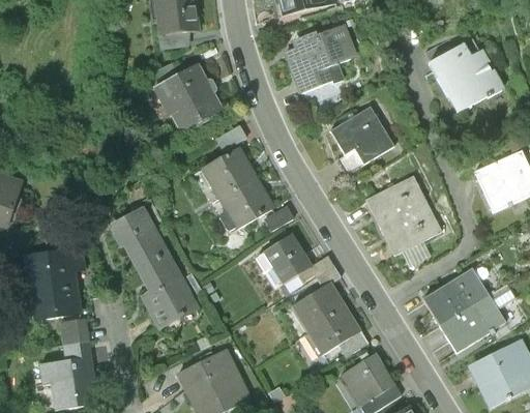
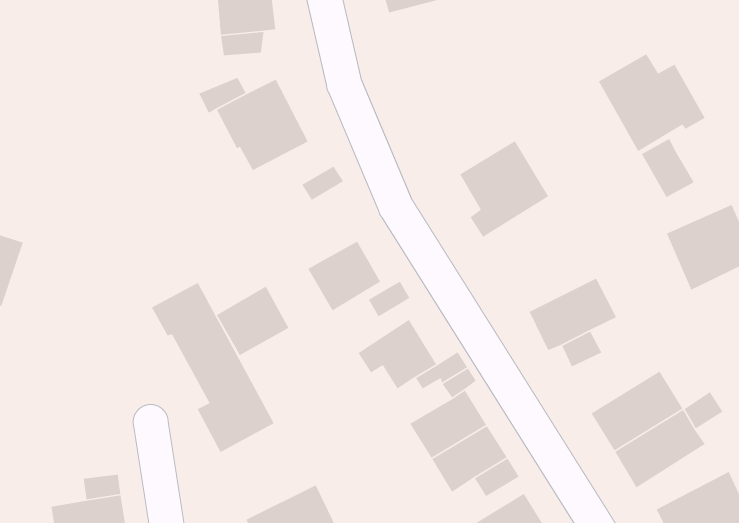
building: [284,27,355,94] -> none
building: none -> [641,138,695,198]
building: [205,148,257,198] -> [216,285,290,356]
building: [362,176,424,228] -> none
building: [27,247,86,319] -> none
building: [60,318,89,345] -> none

